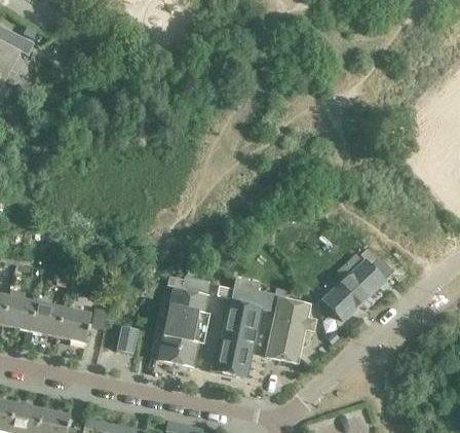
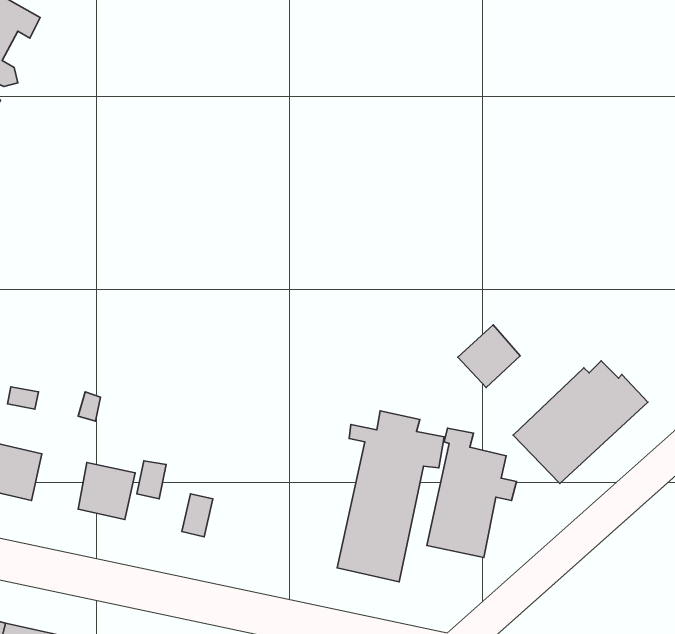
building: none -> [458,325,520,388]
building: [157,275,212,368] -> none
building: [30,303,63,336] -> none

